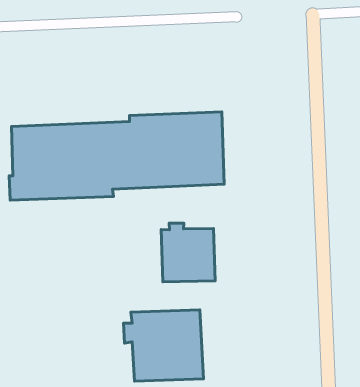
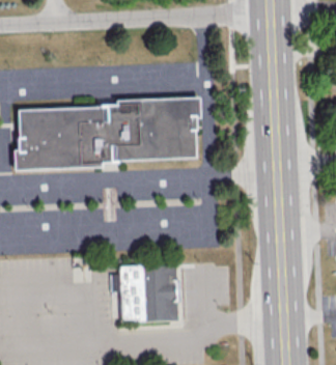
building: [161,223,215,282] -> none

